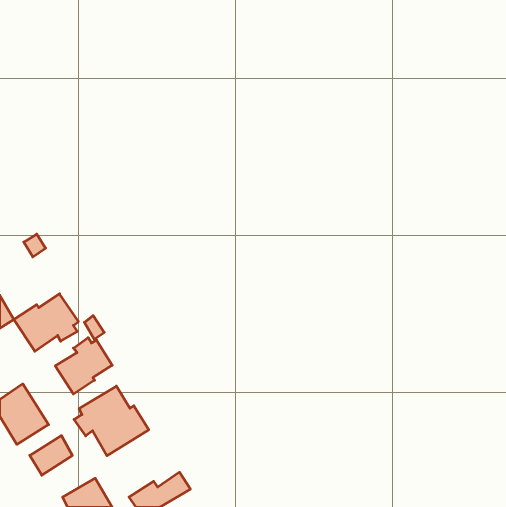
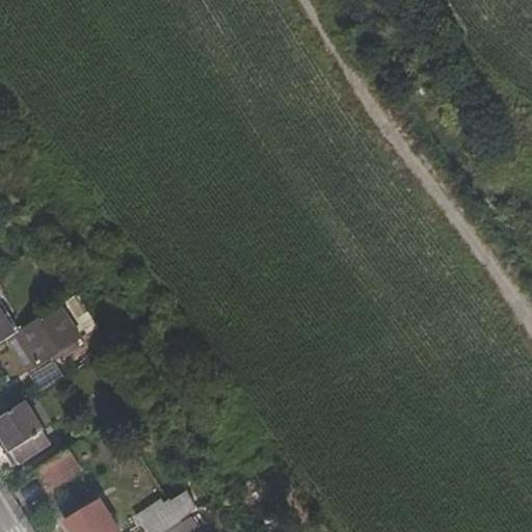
building: [55,338,112,394] -> none
building: [74,386,149,456] -> none

